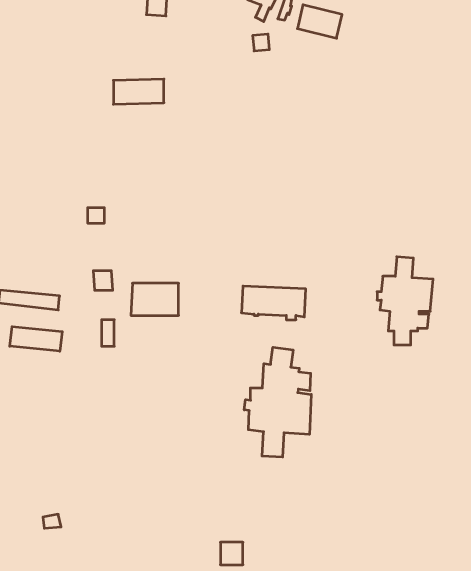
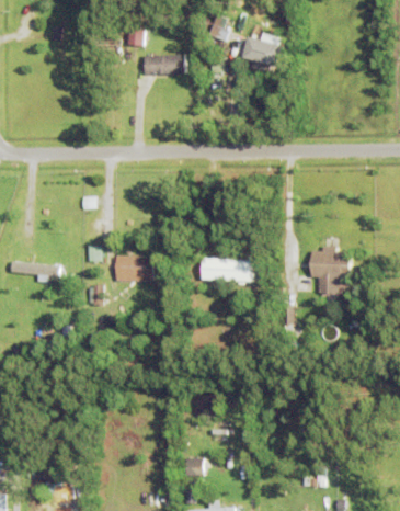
building: [113,79,164,104] -> [145,54,184,73]
building: [10,327,62,351] -> none
building: [244,347,311,457] -> none

